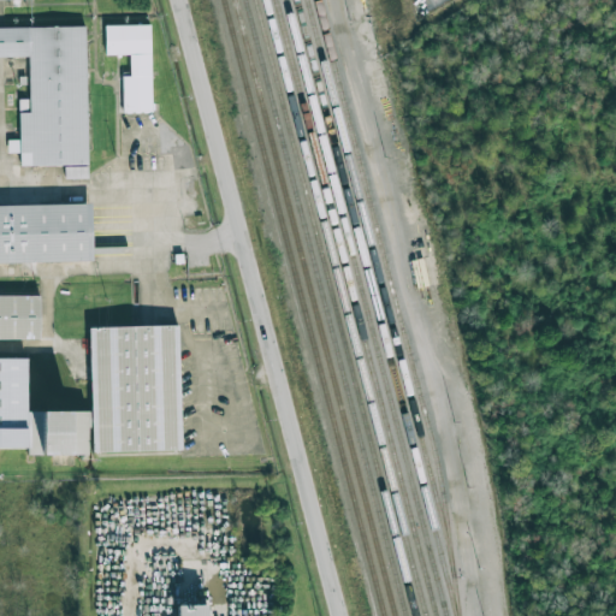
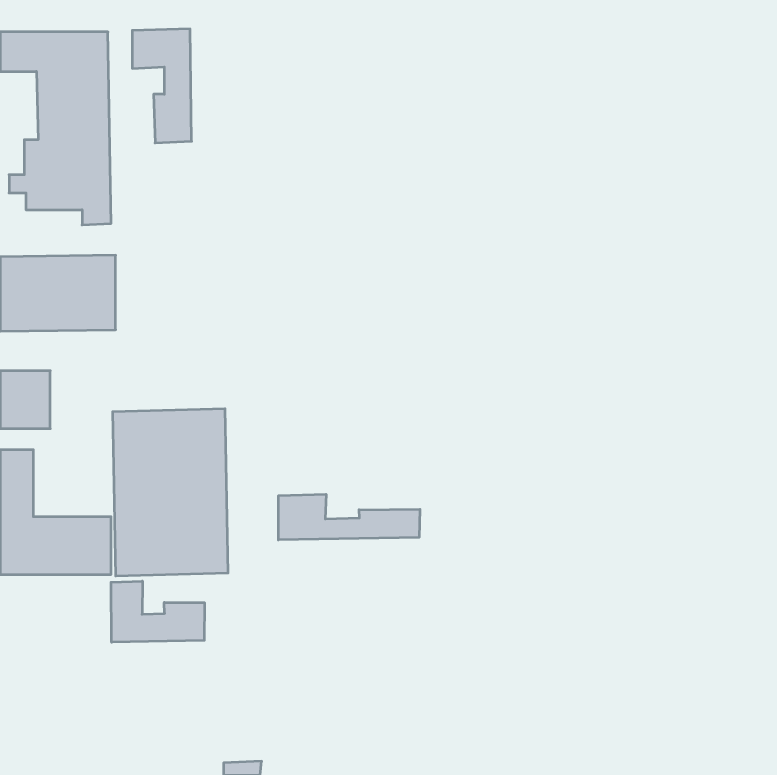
building: none -> [278,494,420,540]
building: none -> [111,581,204,642]

